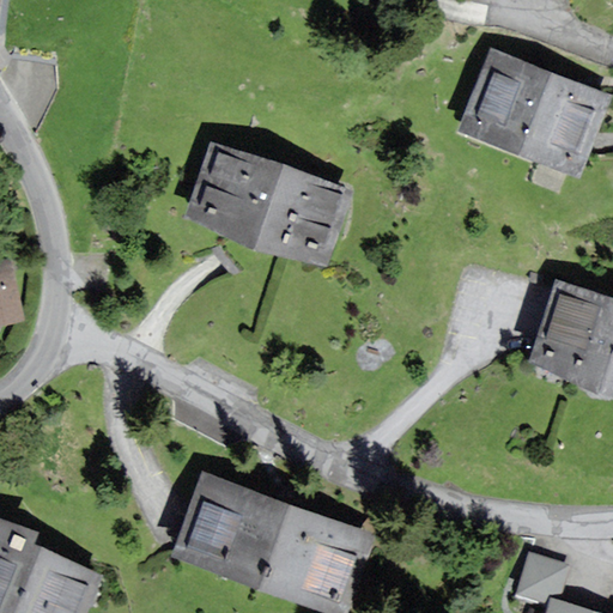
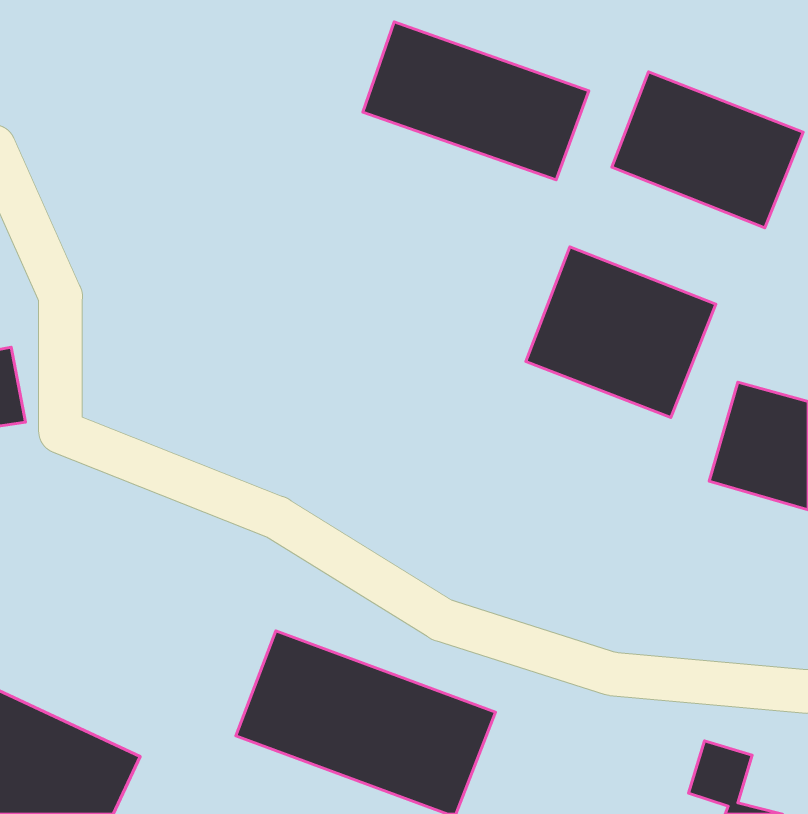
building: none -> [363,22,589,180]
building: [188,147,344,263] -> none
building: none -> [526,247,716,417]

